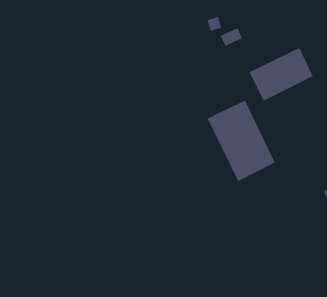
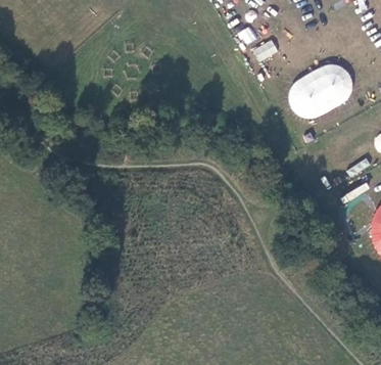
building: [207,100,276,182] -> none

